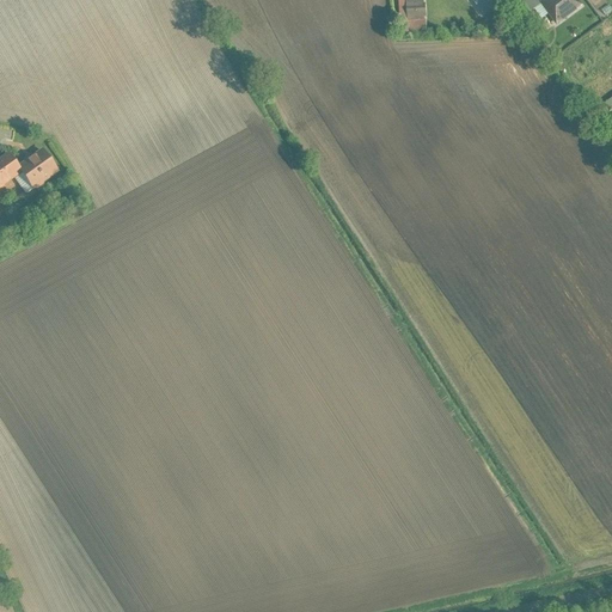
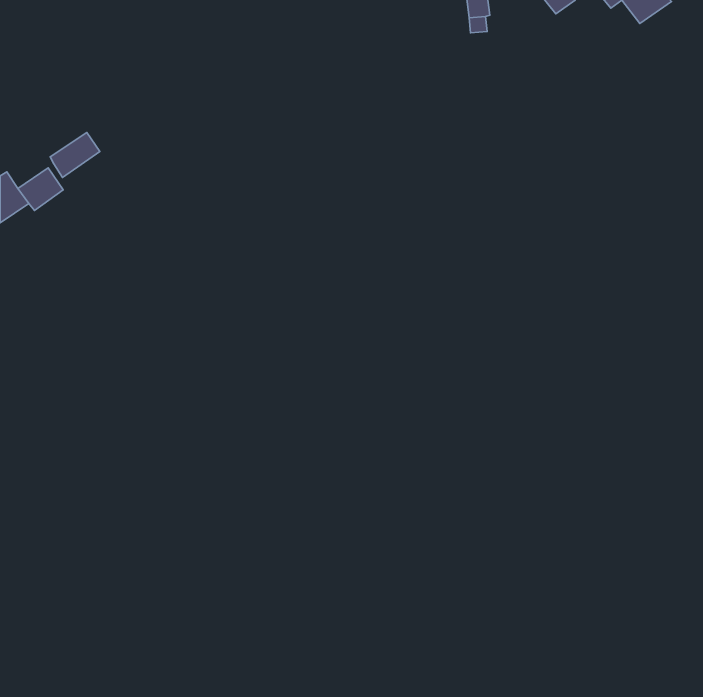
building: none -> [50,133,100,177]

